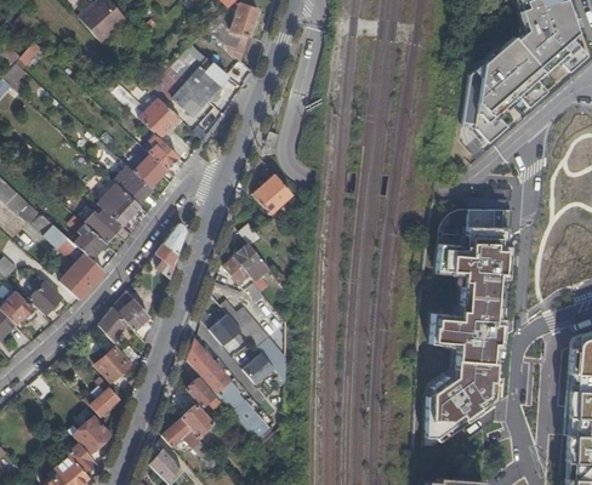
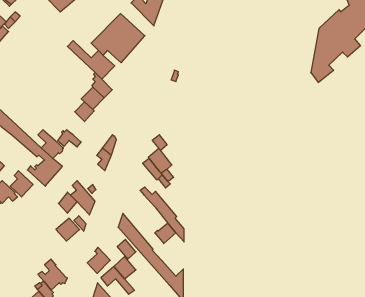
building: [251,173,291,215] -> none
building: [101,183,138,224] -> none
building: [426,209,511,441] -> none
building: [209,313,241,344] -> none
building: [85,377,119,416] -> [87,247,110,273]

